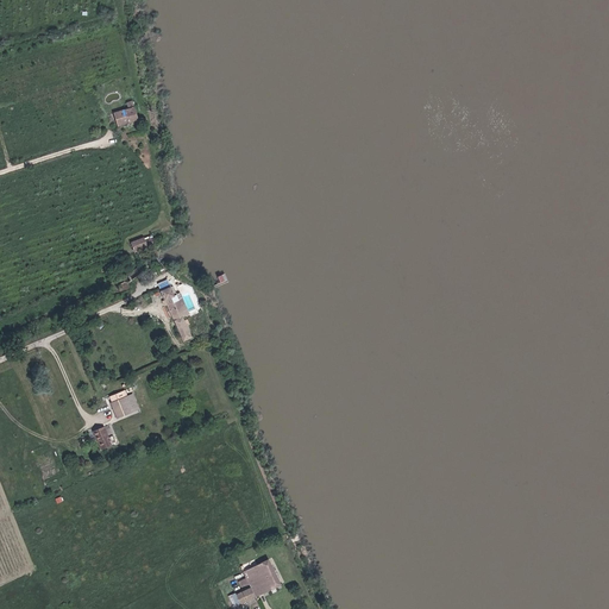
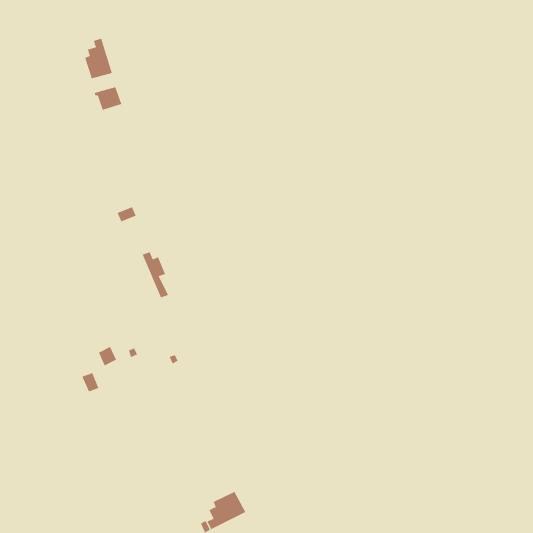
building: none -> [84,38,113,79]

